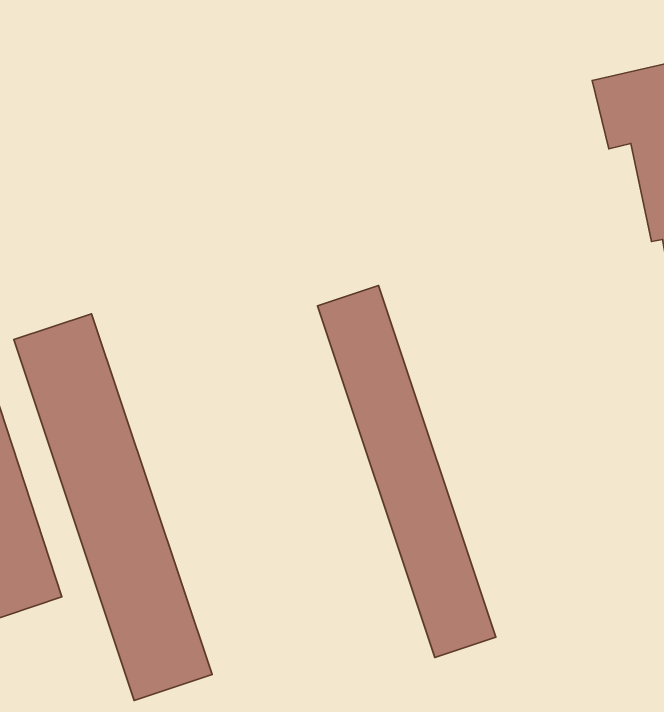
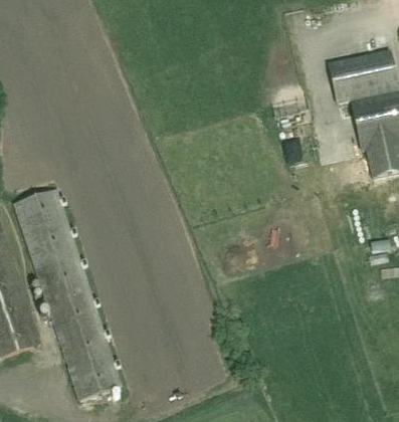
building: [318,286,496,657] -> none

